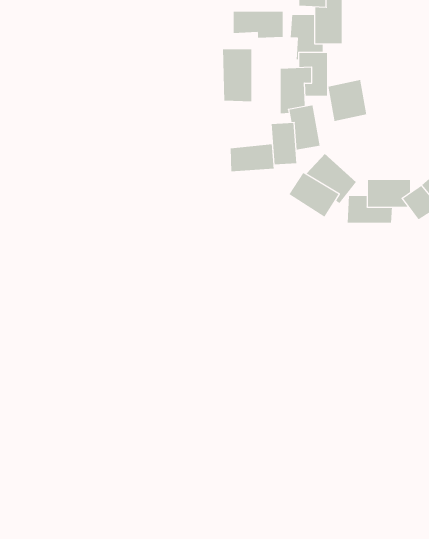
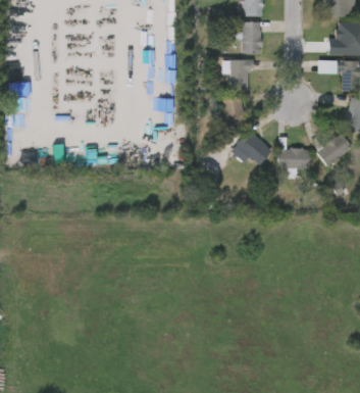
building: [233,11,283,39] -> none
building: [222,49,252,102] -> none
building: [328,79,367,122] -> none
building: [230,144,274,172] -> none

